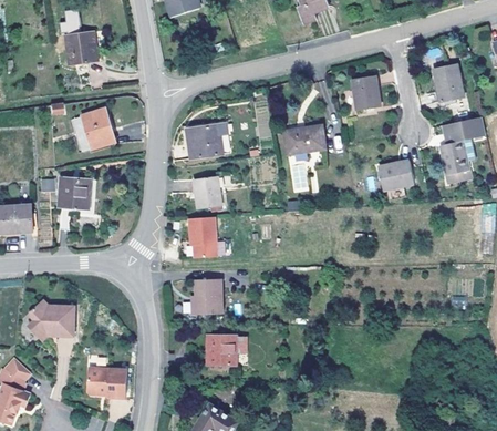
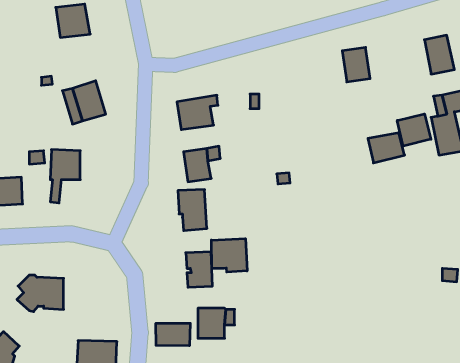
building: [282,125,324,153] -> none
building: none -> [397,114,431,146]
building: none -> [211,239,247,272]
building: none -> [156,323,190,346]

